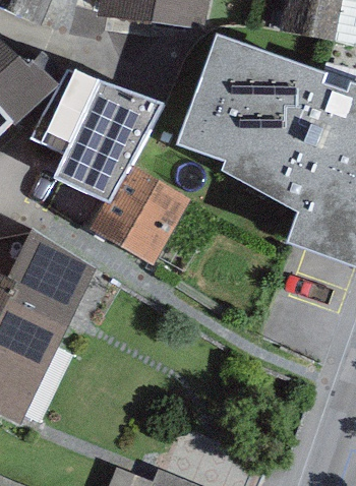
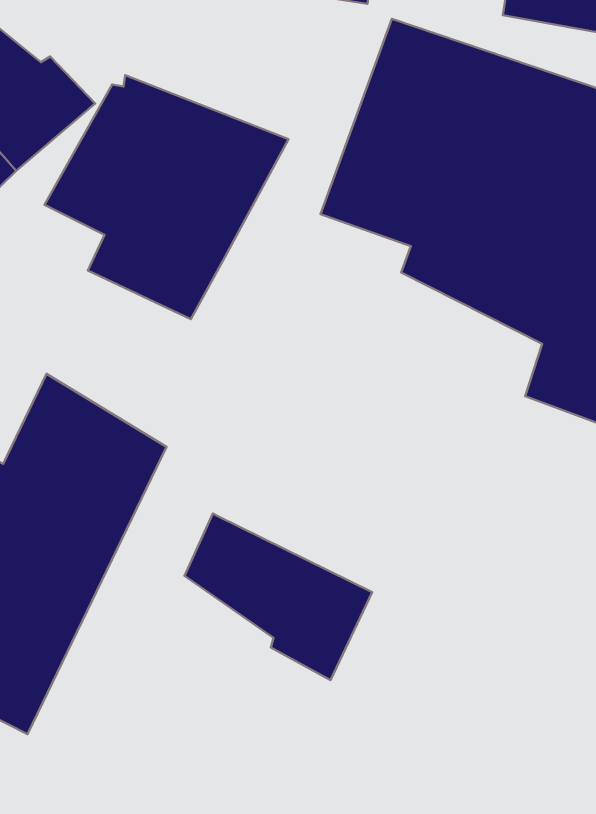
building: [90,165,186,264] -> none
building: none -> [184,513,372,680]

